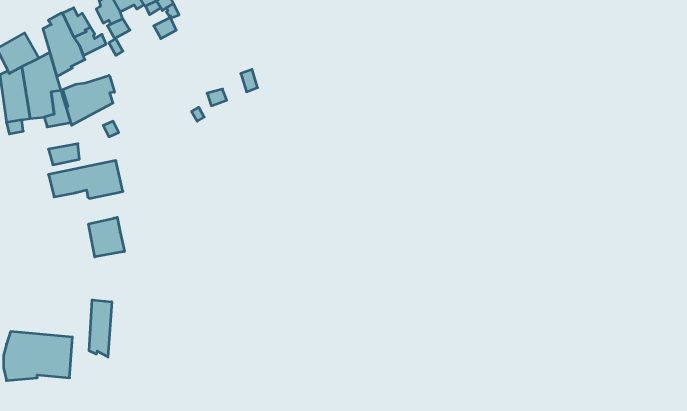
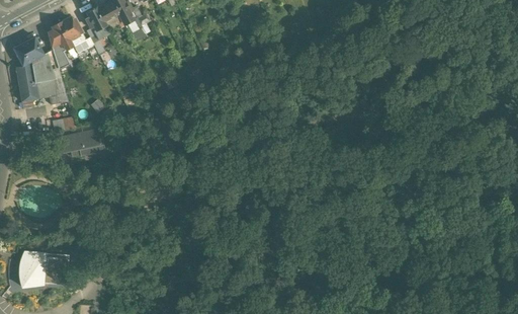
building: [63,75,114,125] -> none
building: [89,217,124,257] -> none
building: [89,300,112,357] -> none

